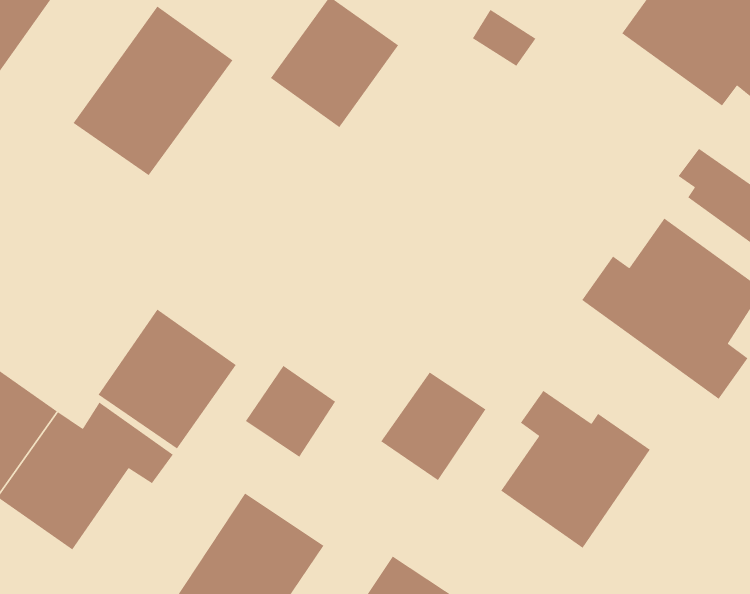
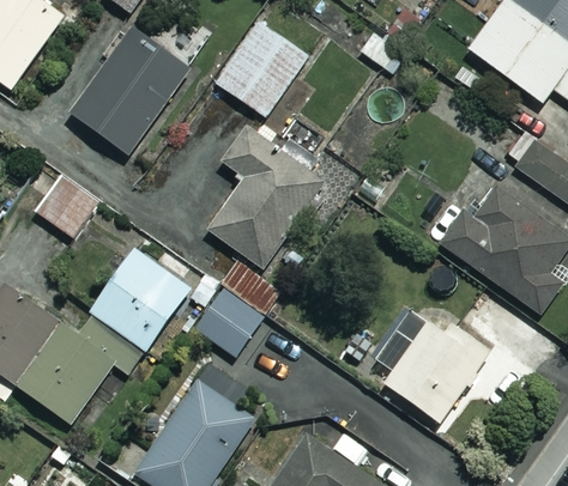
building: none -> [210,128,322,273]
building: none -> [37,176,99,238]
building: [380,371,487,481] -> none

